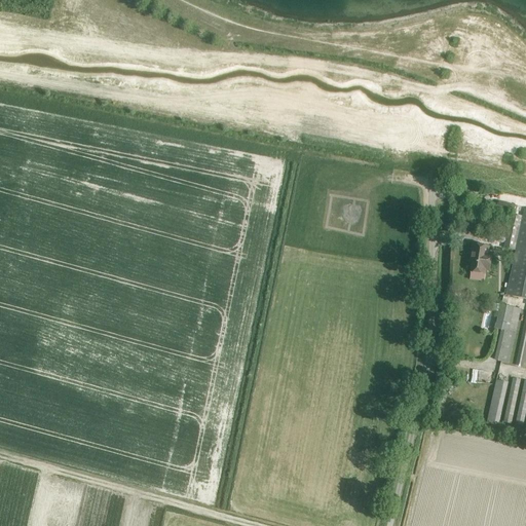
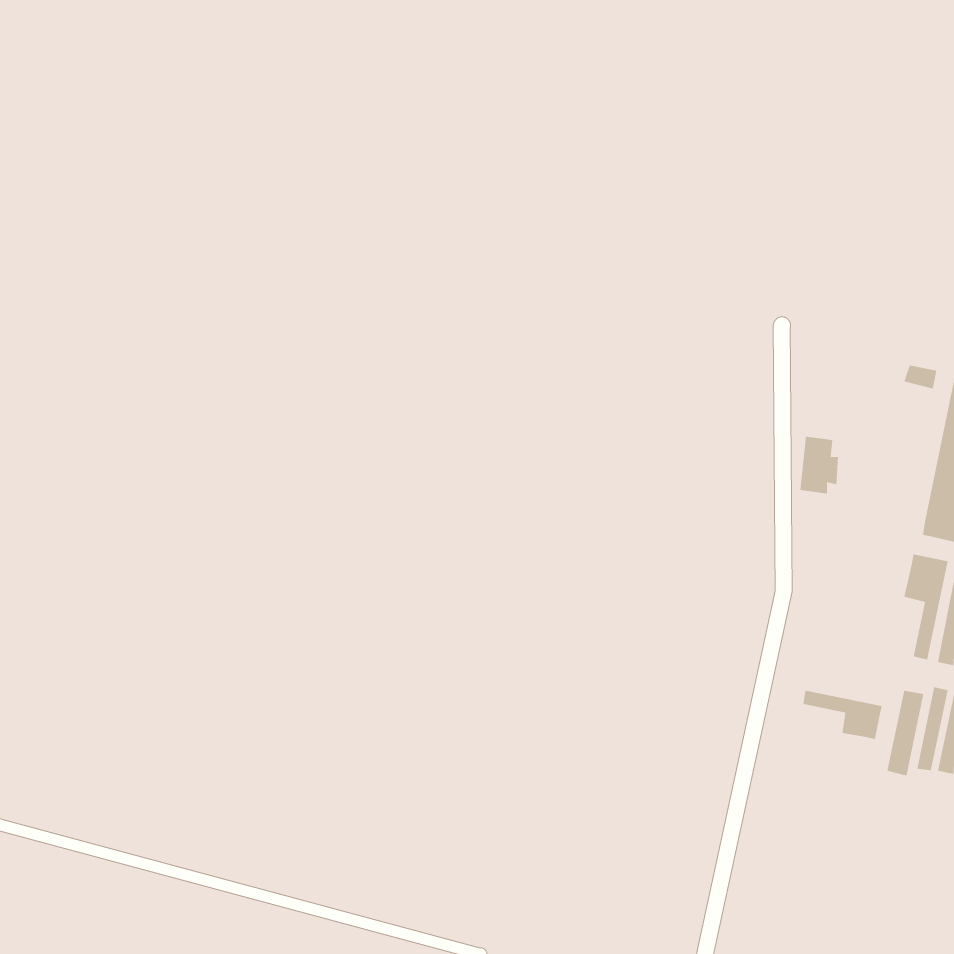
building: [472,243,493,275] -> [800,436,839,494]
building: none -> [803,690,882,740]

